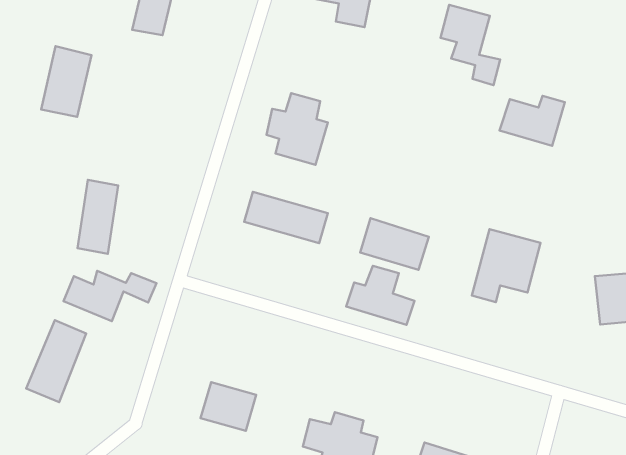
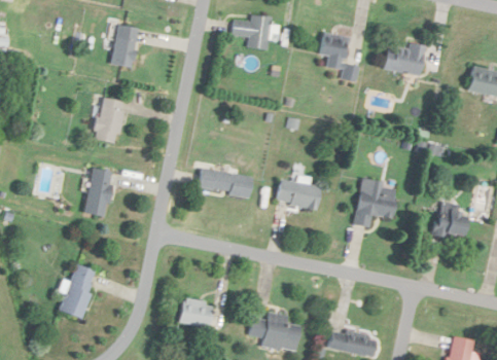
building: [41,46,92,117] -> [95,98,126,144]
building: [267,93,328,165] -> none
building: [500,96,565,146] -> [384,43,426,76]
building: [346,266,414,325] -> none
building: [63,271,156,321] -> none

